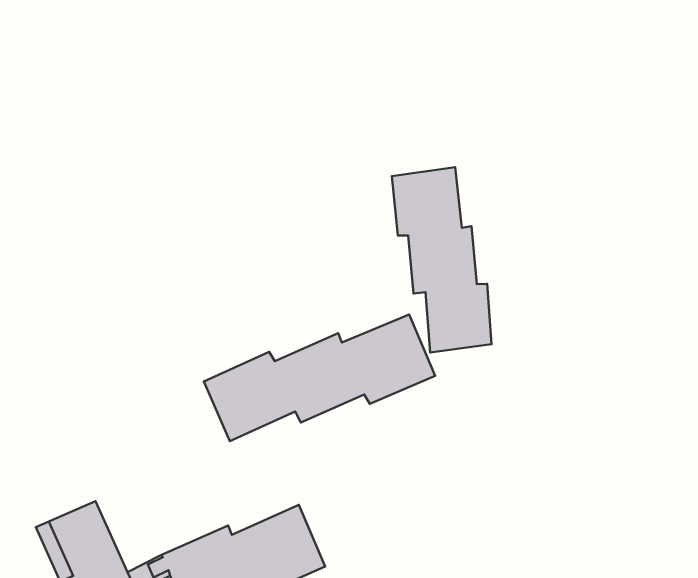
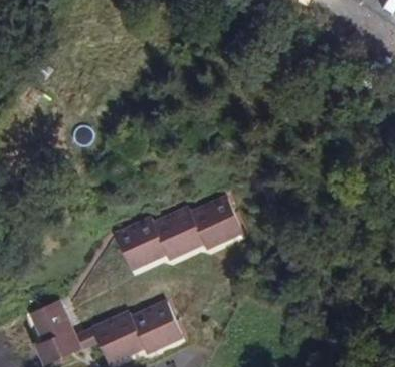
building: [392,167,492,353] -> none

